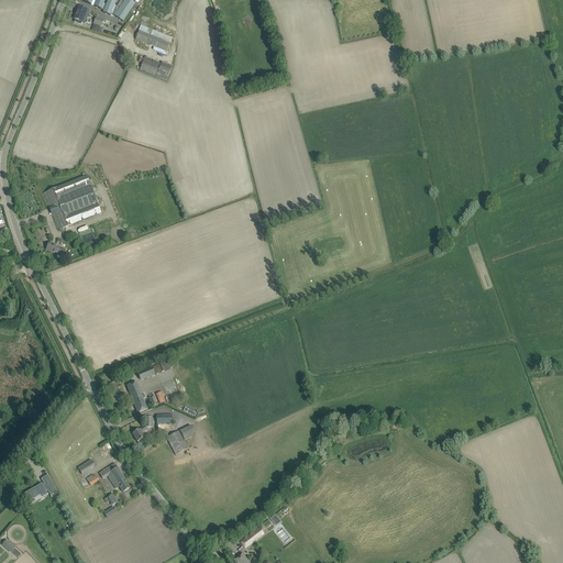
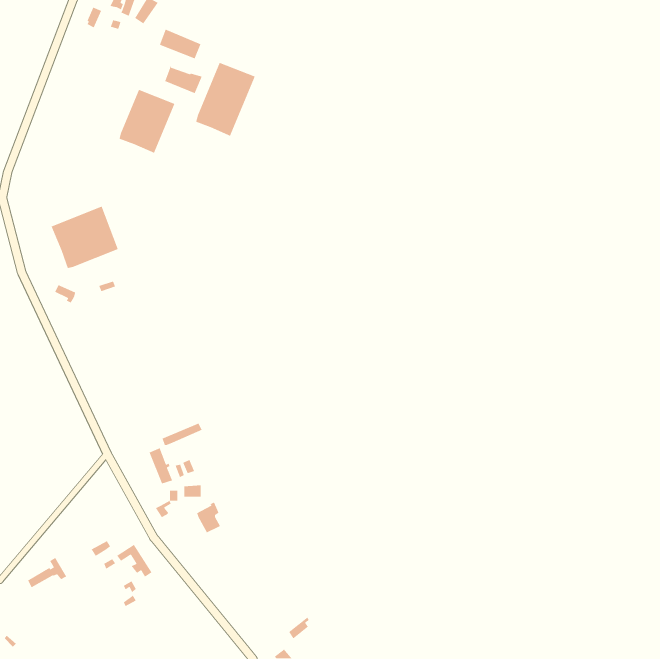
building: none -> [195,62,256,137]
building: none -> [119,89,176,154]

